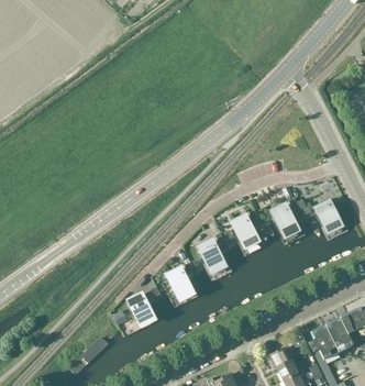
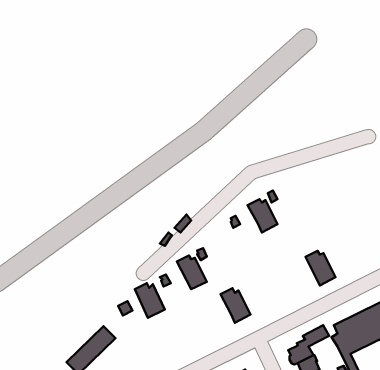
building: [314,200,343,231] -> none
building: [272,205,299,236] -> [306,251,336,286]
building: [199,241,226,273] -> [221,288,251,323]

